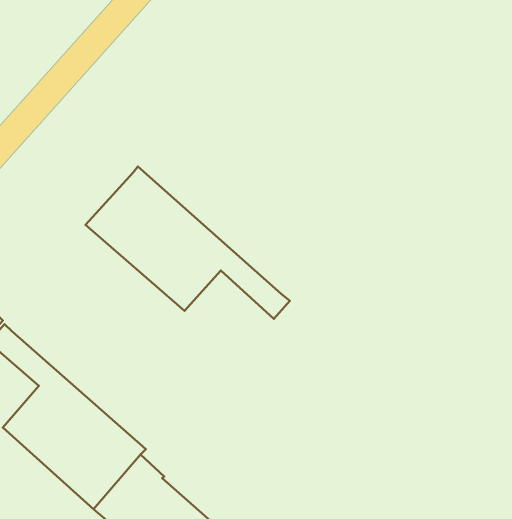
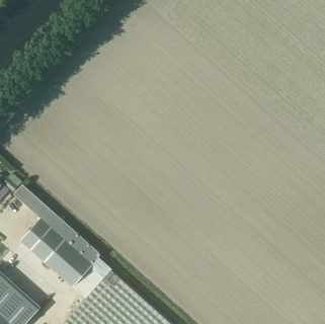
building: [86,166,290,319] -> none

